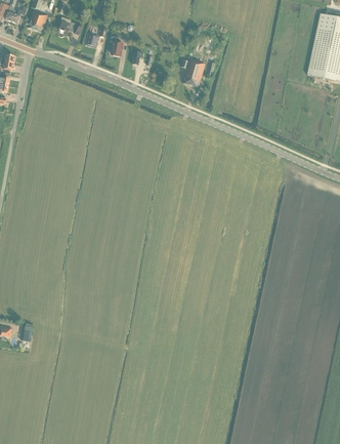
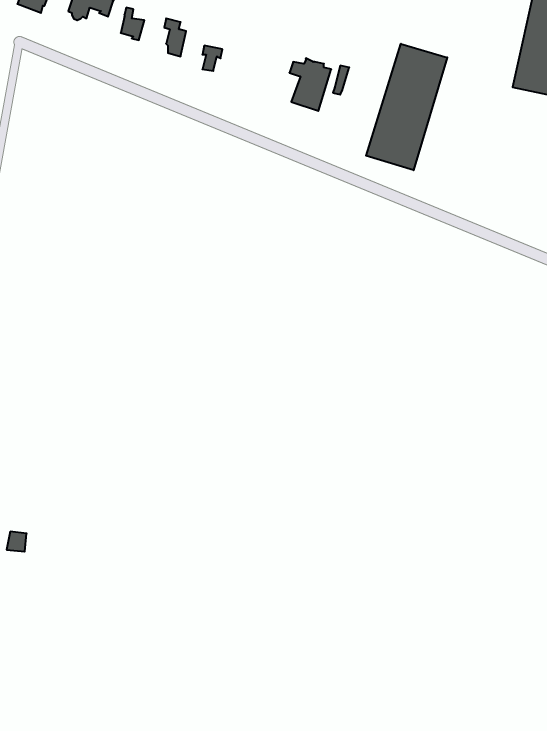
building: none -> [366,44,447,170]

